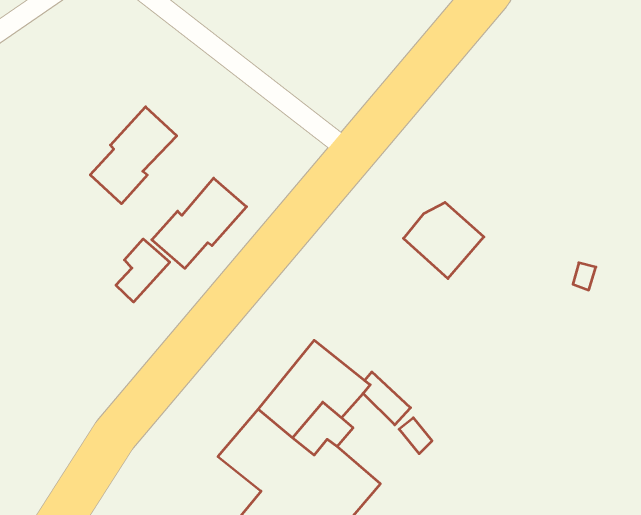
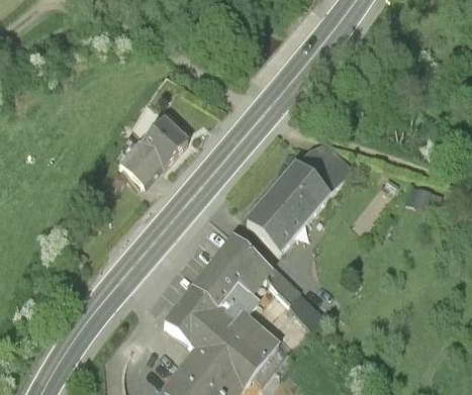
building: [90,107,177,204] -> none
building: none -> [247,170,326,252]
building: [116,239,170,302] -> none

